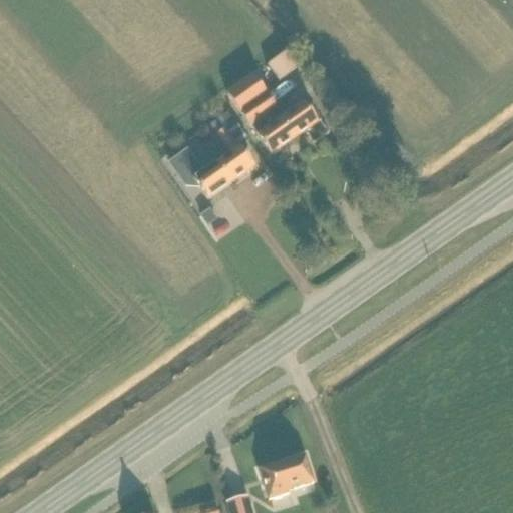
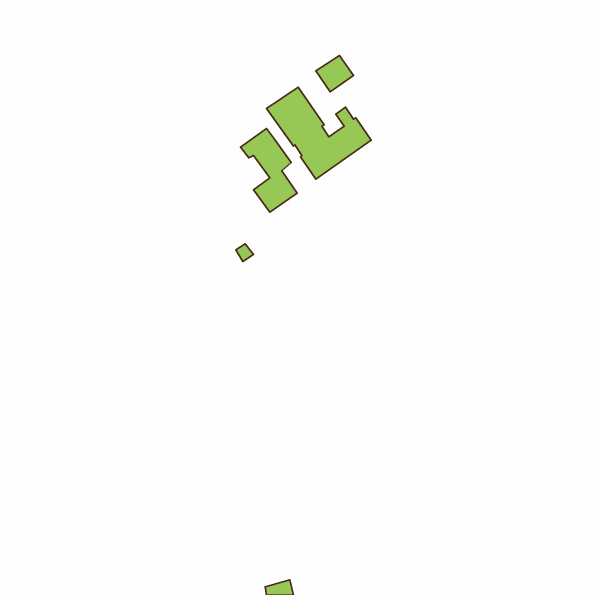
building: [161,137,231,196] -> none
building: [260,452,315,495] -> none

